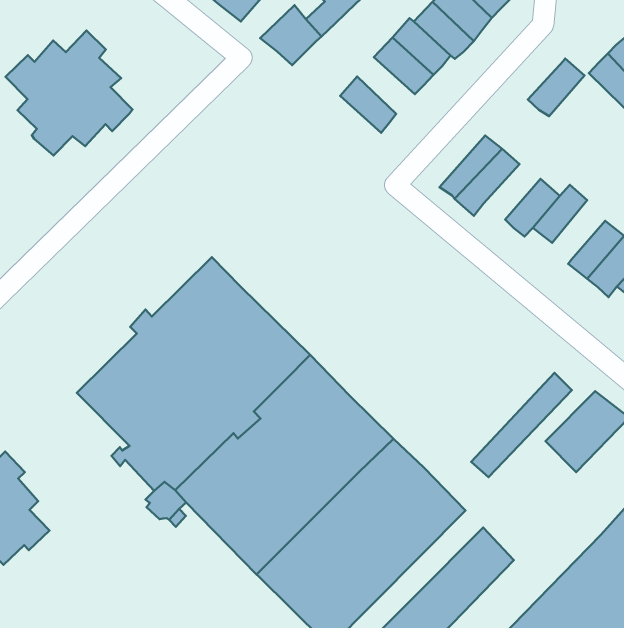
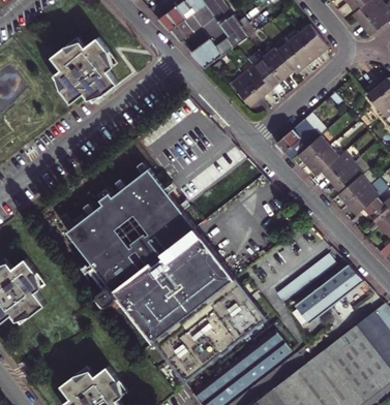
building: none -> [238,70,268,102]
building: [528,59,584,116] -> [298,136,330,166]
building: none -> [332,161,364,192]
building: none -> [294,288,330,324]

